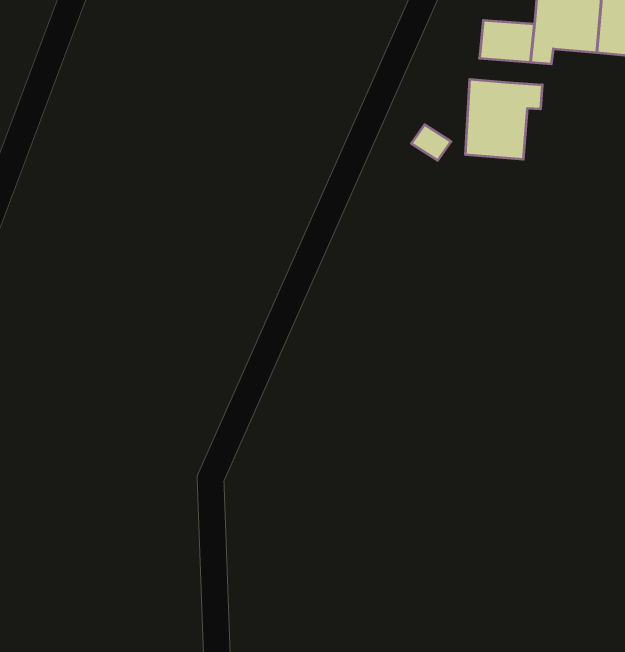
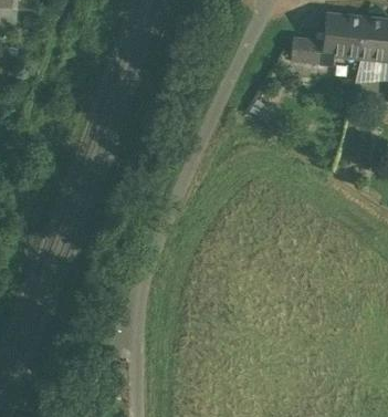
building: [466,79,542,159] -> none

